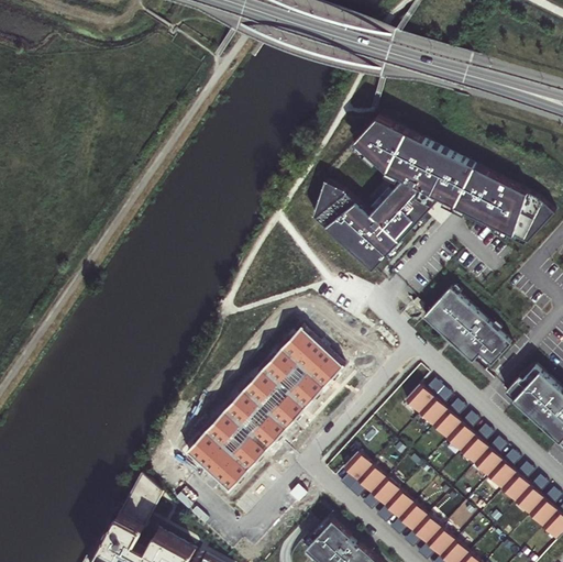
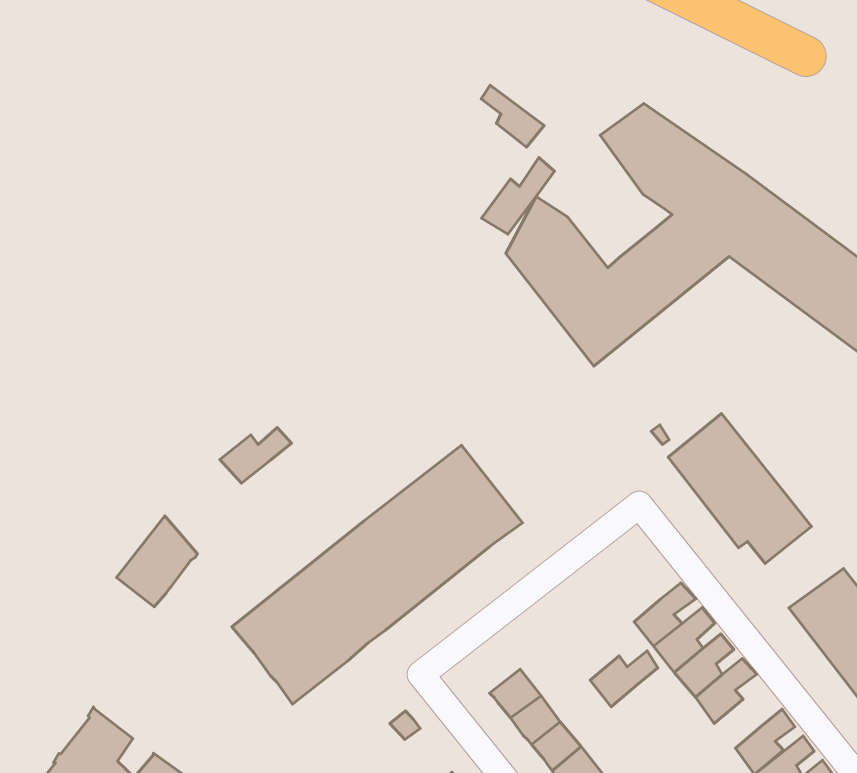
building: none -> [481,85,544,147]
building: none -> [481,157,555,234]
building: none -> [220,427,292,483]
building: [404,378,441,414] -> [590,651,658,707]
building: [473,437,506,476] -> none
building: [119,473,163,526] -> [116,516,198,607]

